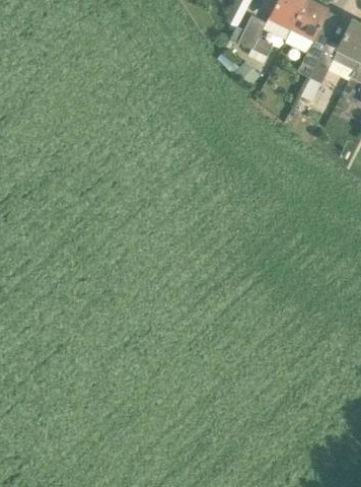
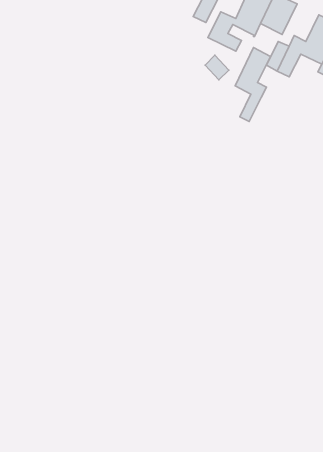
building: none -> [235,48,271,121]

